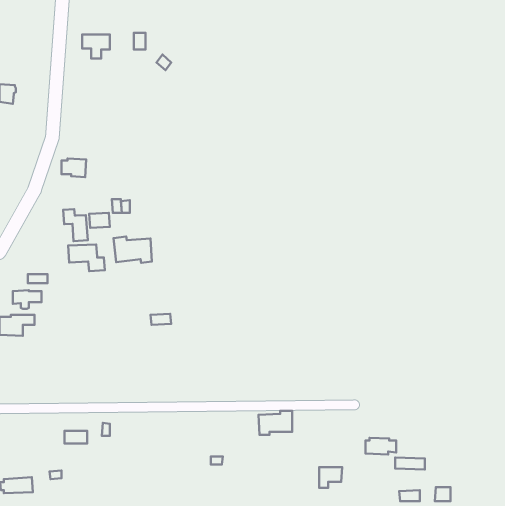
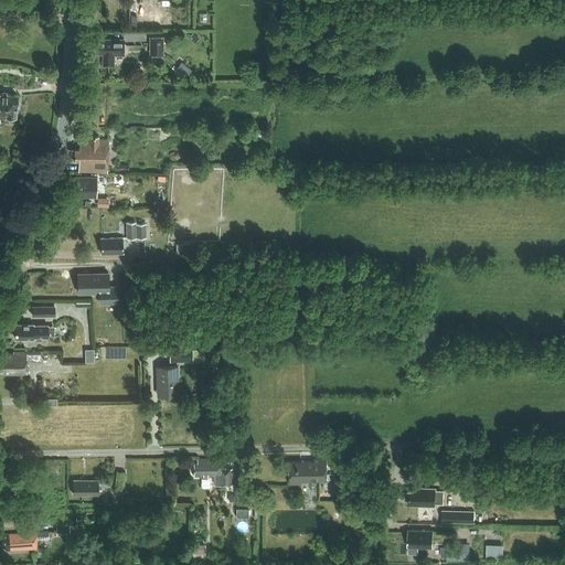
building: none -> [73,136,108,173]
building: [63,209,88,241] -> none
building: [113,237,152,263] -> none
building: none -> [156,366,178,395]
building: none -> [193,459,231,486]
building: [319,467,342,488] -> [407,531,433,554]

